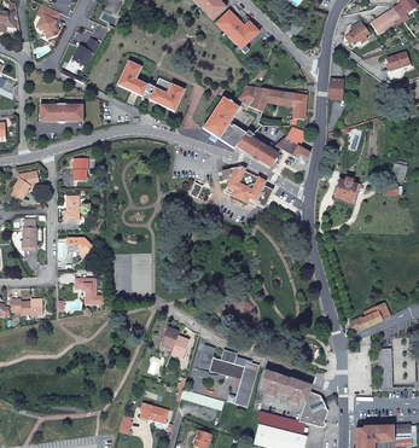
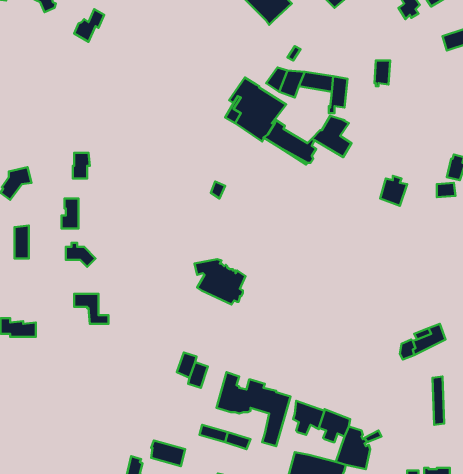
building: [117,60,185,111] -> none
building: [41,101,83,122] -> none
building: [222,167,266,205] -> [194,259,246,305]

